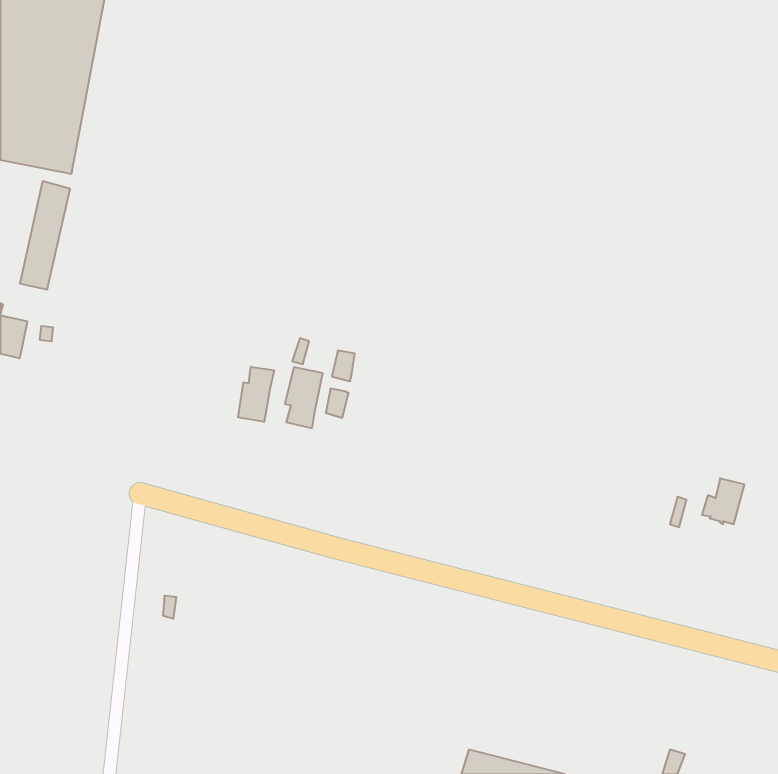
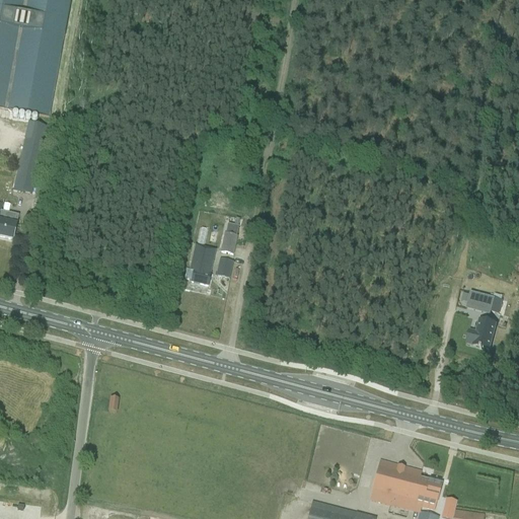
building: [238,367,274,422] -> none
building: none -> [466,290,494,310]
building: none -> [369,459,441,510]

